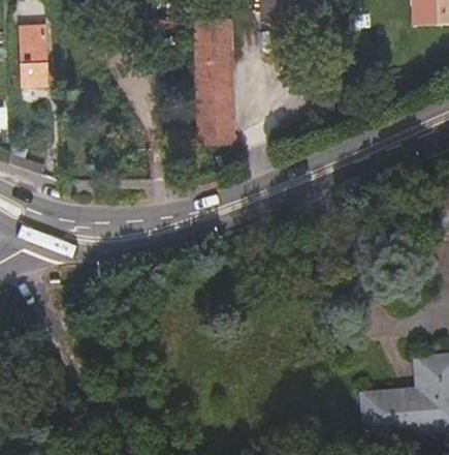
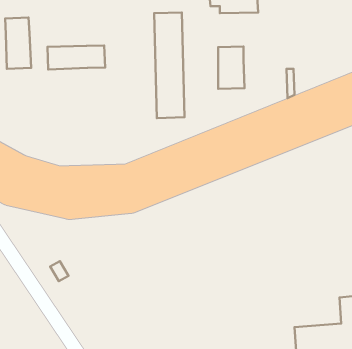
building: none -> [47,46,105,70]
building: none -> [218,47,244,89]

